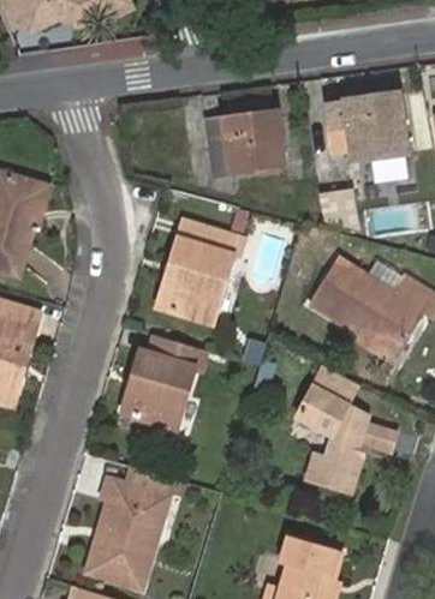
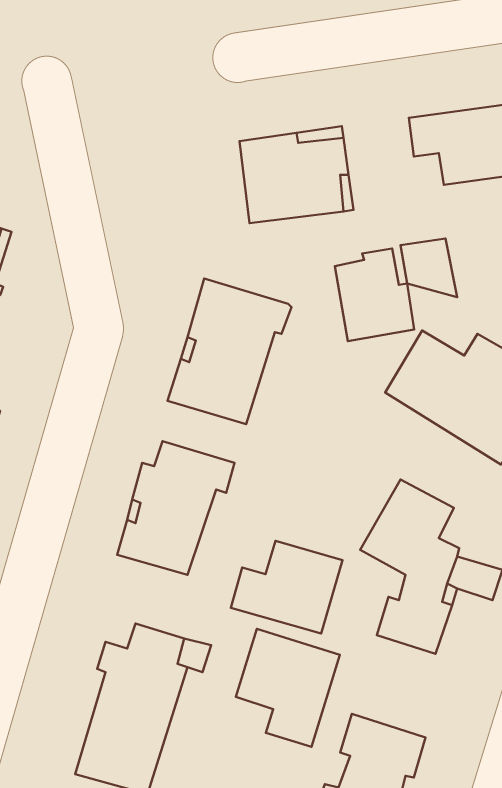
building: none -> [335,249,414,341]
building: none -> [231,541,342,634]
building: none -> [236,629,340,747]

